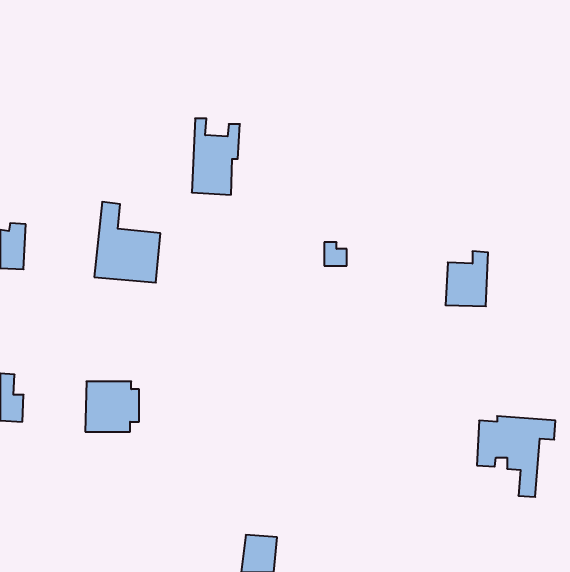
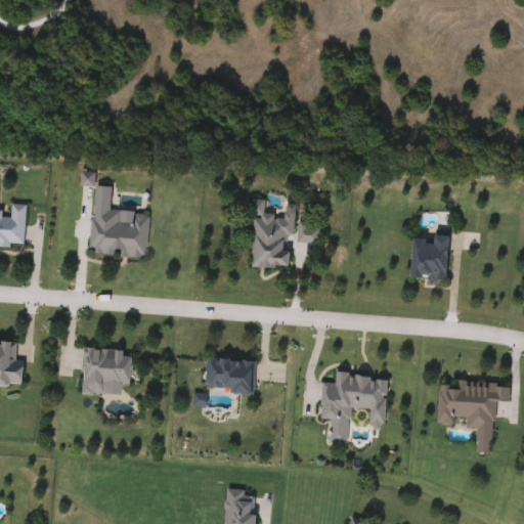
building: [192,118,240,195] -> [252,199,296,268]
building: none -> [206,357,256,392]
building: none -> [320,374,387,427]

